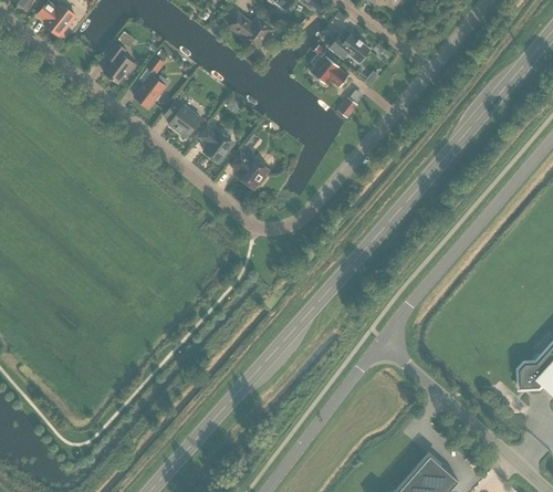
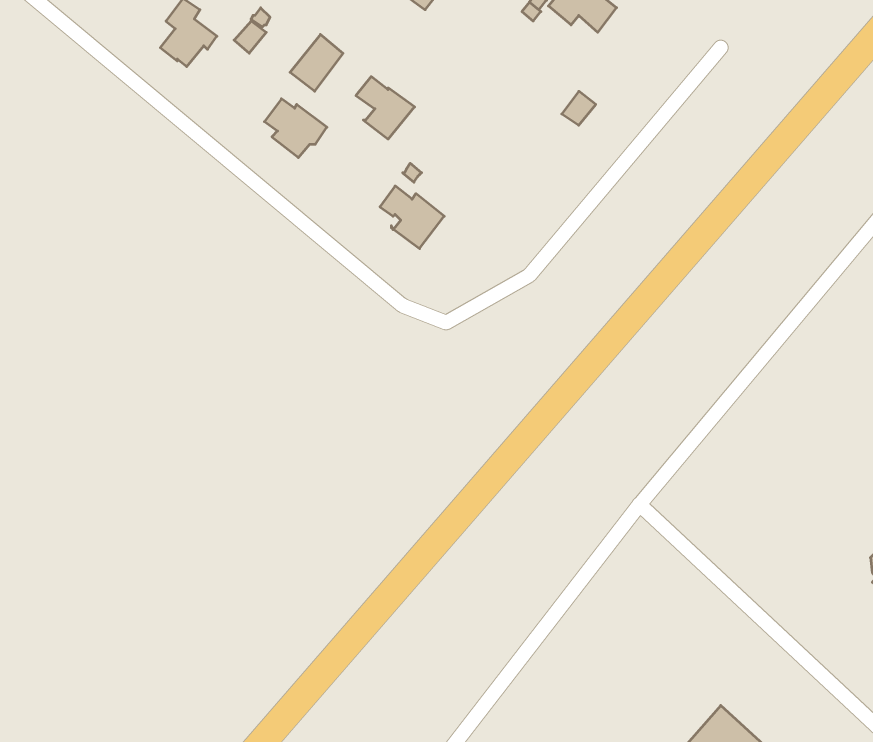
building: [312,56,348,87] -> none
building: [134,75,165,108] -> [290,34,343,91]
building: [199,126,233,163] -> [356,77,415,139]

